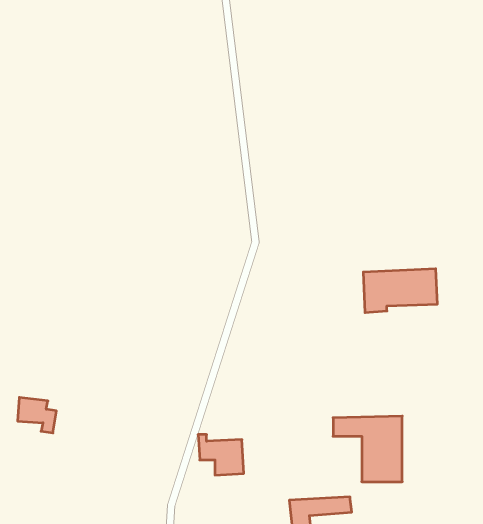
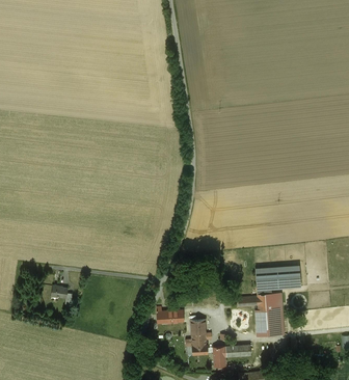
building: [363,269,437,313] -> [256,264,301,291]
building: none -> [185,319,211,353]

